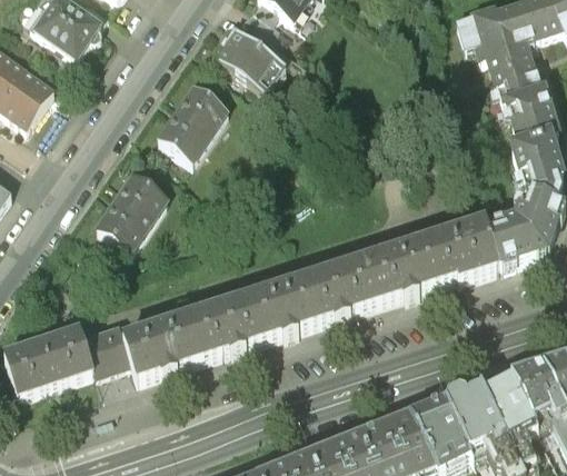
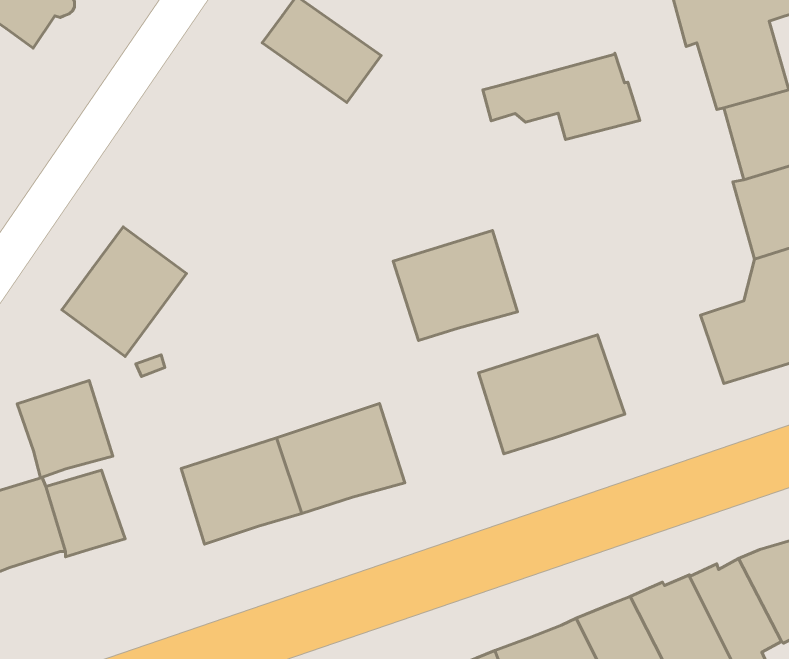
building: none -> [483,53,640,140]
building: [152,82,230,162] -> none
building: [422,216,500,285] -> none
building: [288,259,365,327] -> [393,231,518,341]
building: [121,318,180,378] -> [17,381,113,478]

